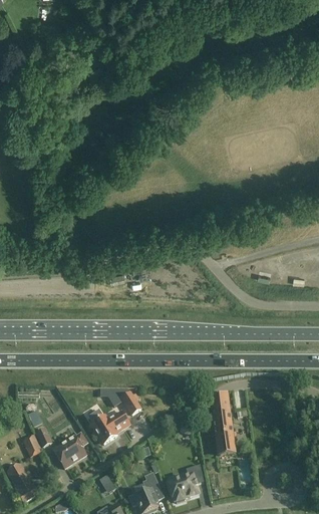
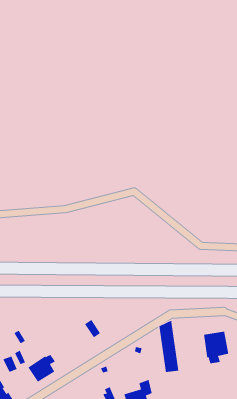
building: none -> [203,331,229,364]
building: [90,412,129,445] -> none

